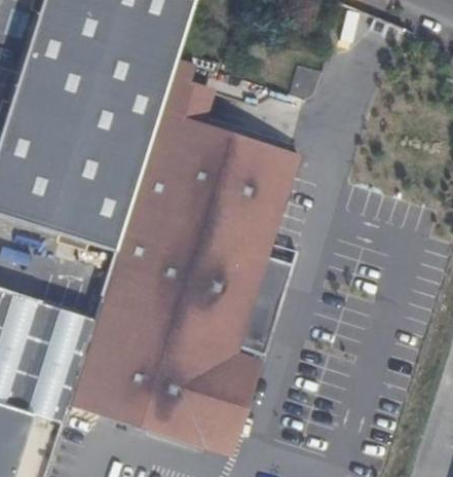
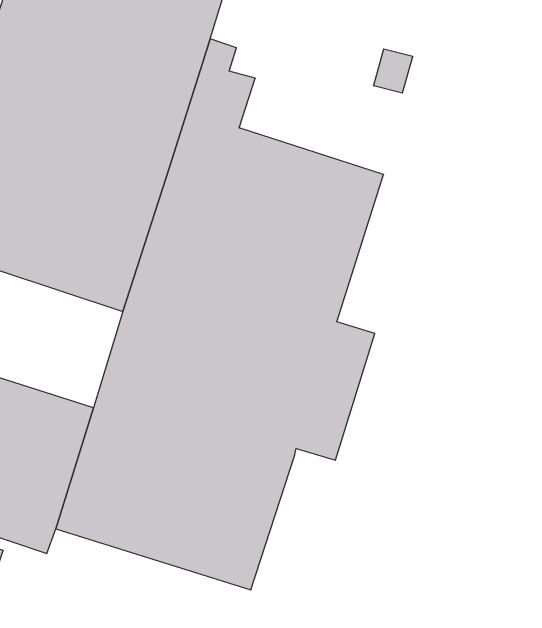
building: [206,354,263,456] -> none

